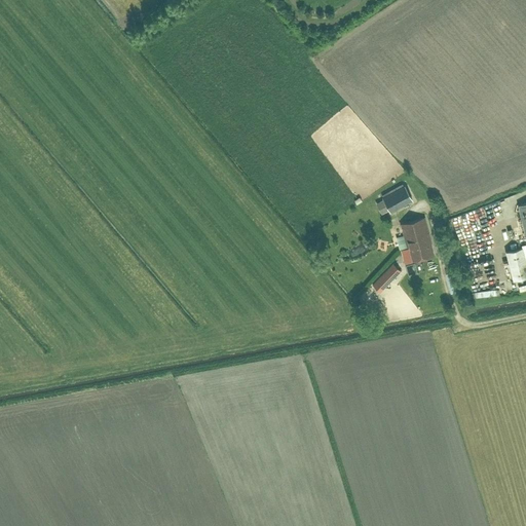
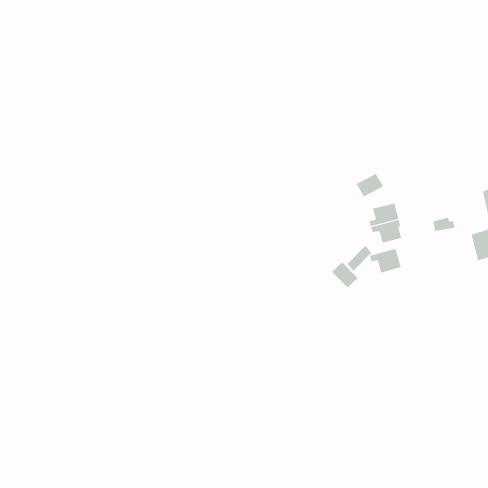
building: none -> [370,248,401,273]
building: none -> [331,262,359,288]

